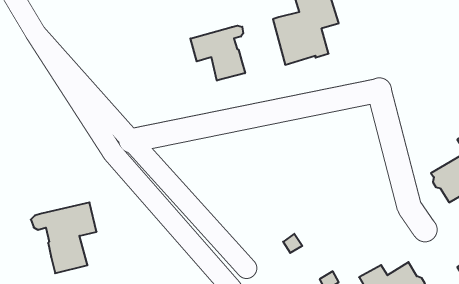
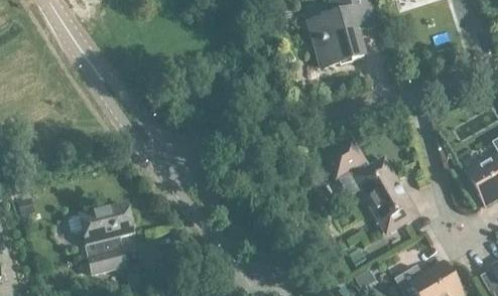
building: [190,26,245,81] -> none
building: none -> [324,140,415,232]

